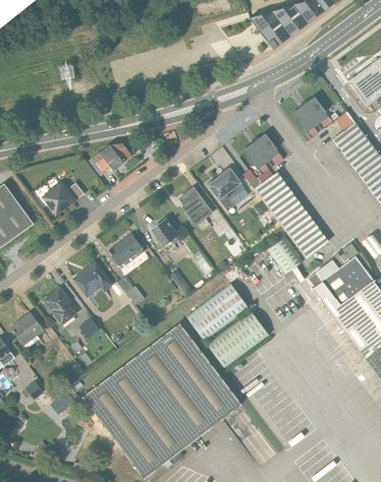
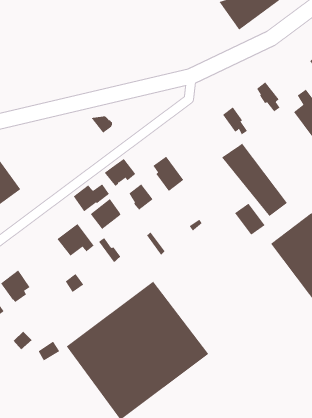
building: [302,96,331,127] -> none
building: [241,141,272,188] -> none
building: [87,144,122,176] -> [104,158,136,187]
building: [206,167,243,210] -> none
building: [43,182,84,214] -> [73,184,110,212]
building: [187,285,247,339] -> none
building: [41,286,75,326] -> none
building: [207,312,267,366] -> none

